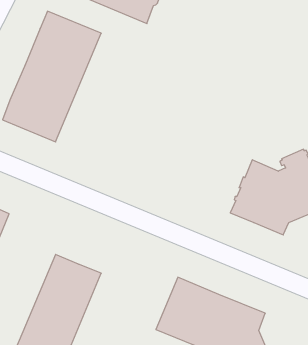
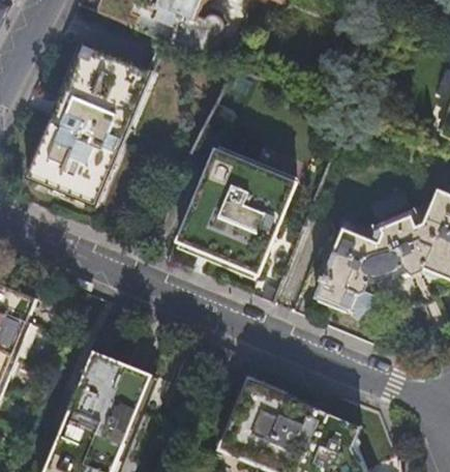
building: none -> [179,150,296,274]

